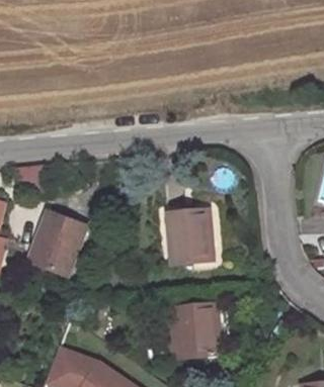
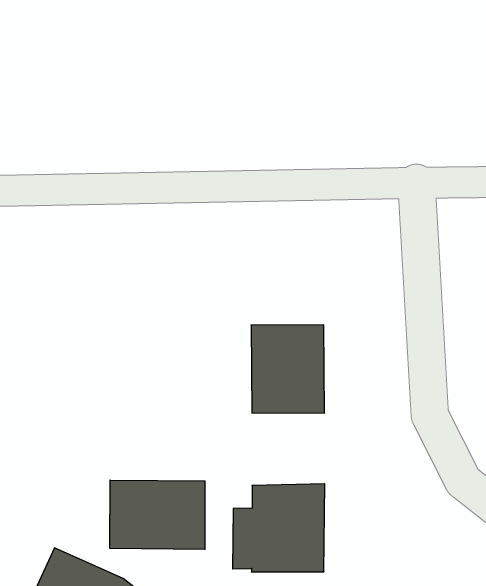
building: [31,210,86,270] -> none
building: none -> [110,480,205,549]

